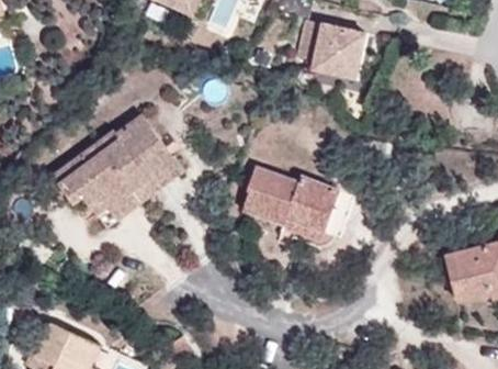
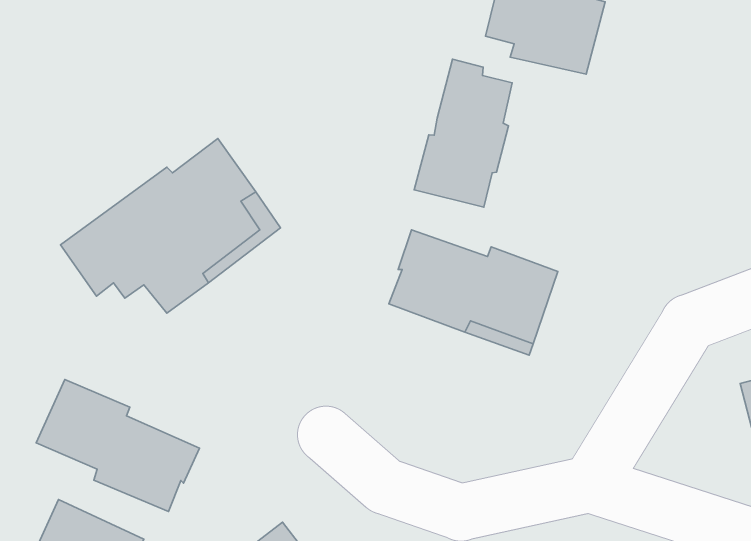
building: none -> [414,59,512,207]
building: none -> [36,380,200,512]

